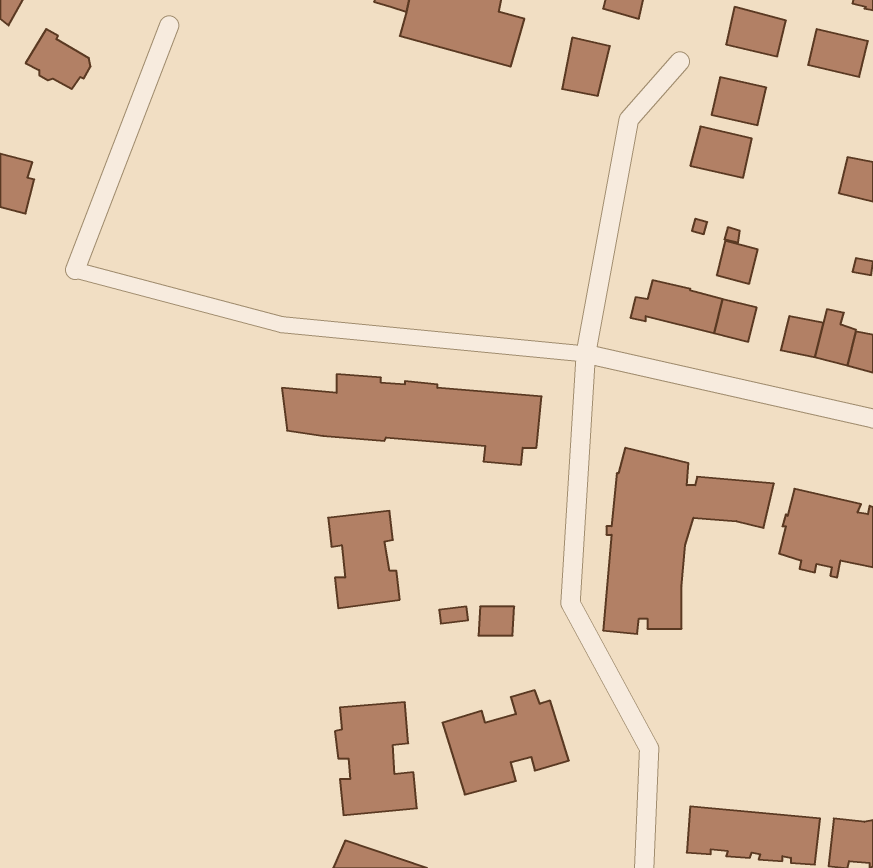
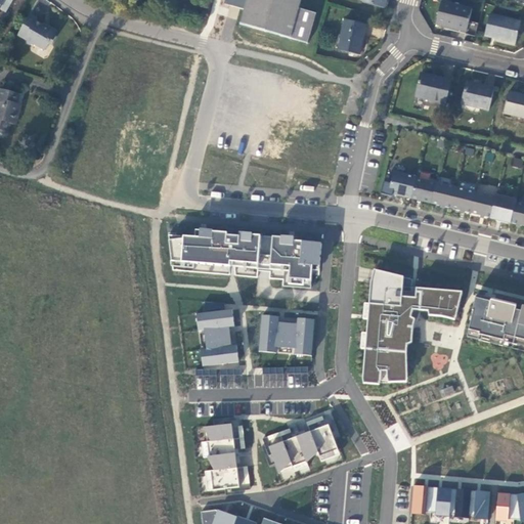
building: [712,77,766,125] -> [461,84,493,113]
building: [717,241,758,284] -> [448,184,473,210]
building: none -> [259,312,315,354]

